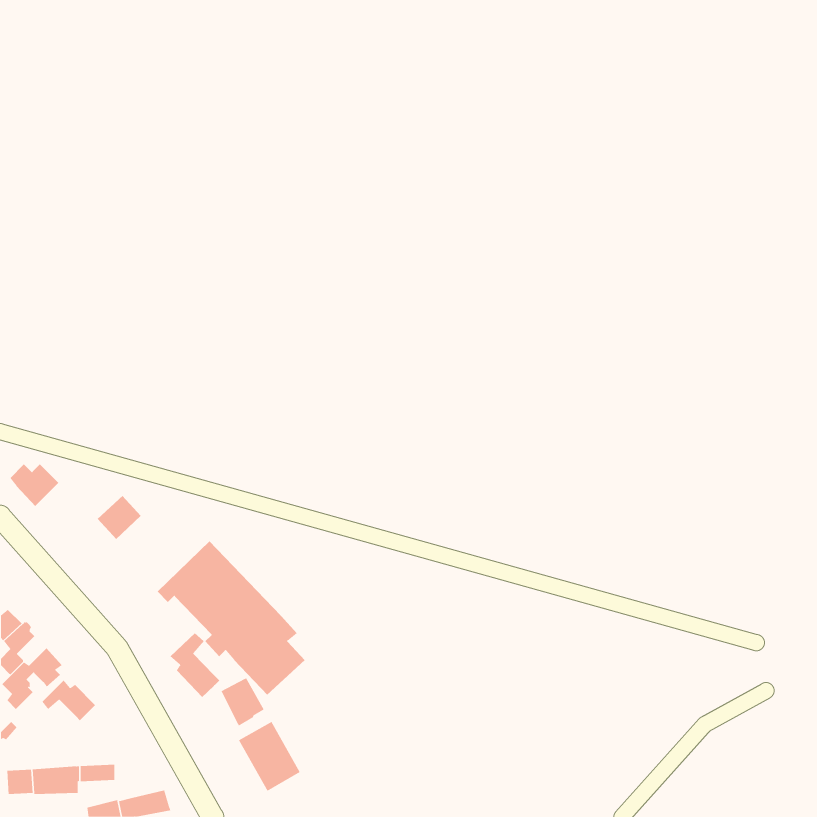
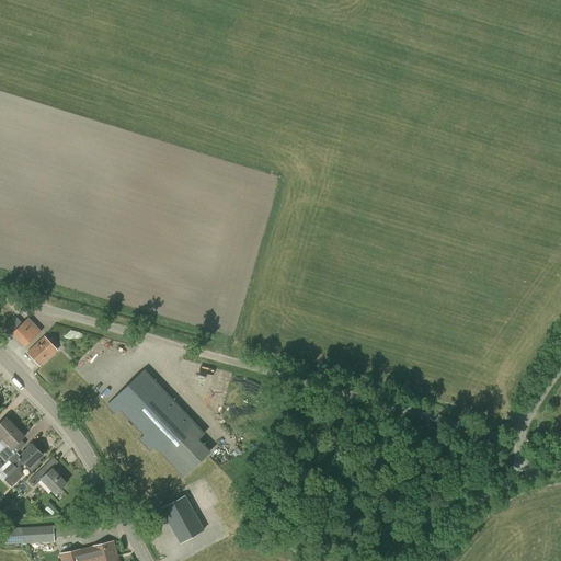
building: [97,495,142,540] -> [26,336,57,367]
building: [170,633,220,698] -> none
building: [221,677,265,727] -> none

